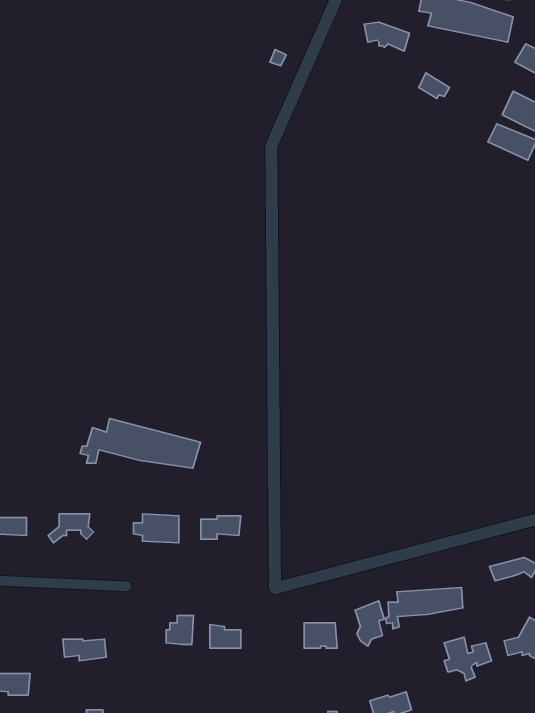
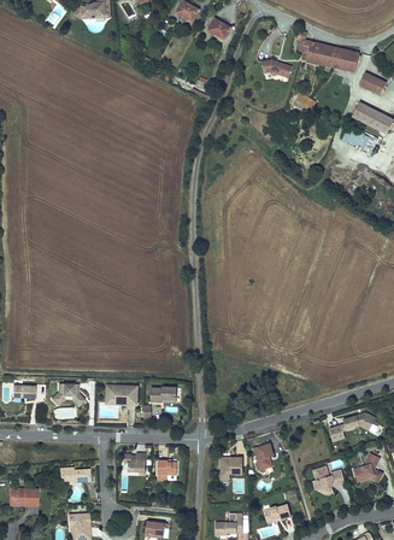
building: [80,419,201,468] -> none
building: [386,587,463,629] -> none

